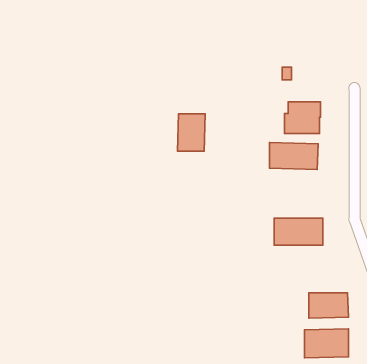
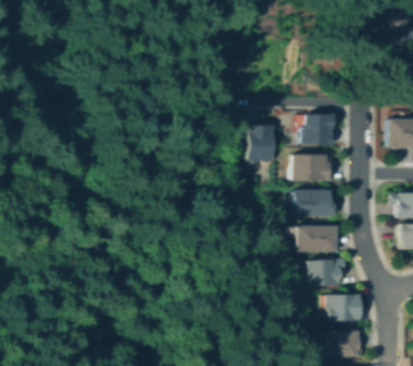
building: [177,114,205,151] -> [246,127,273,162]
building: none -> [288,190,330,215]
building: none -> [303,260,343,286]

